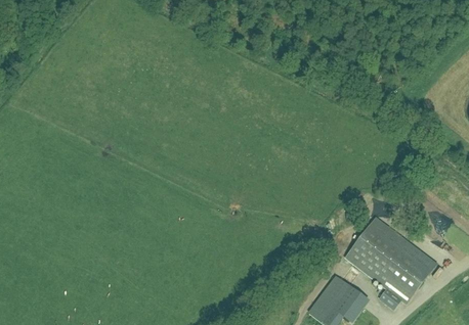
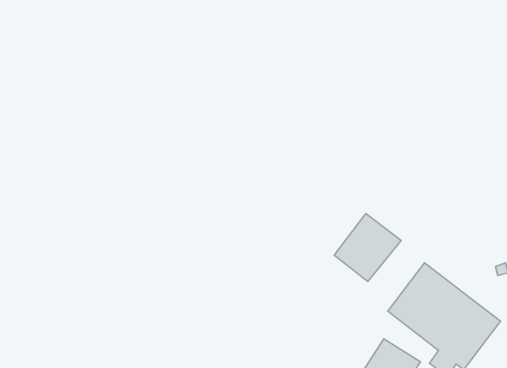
building: none -> [334,213,401,282]

